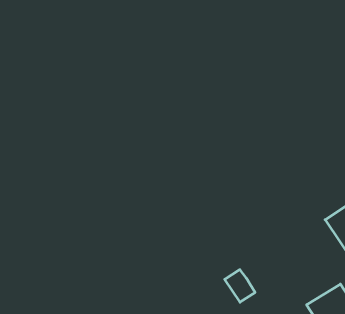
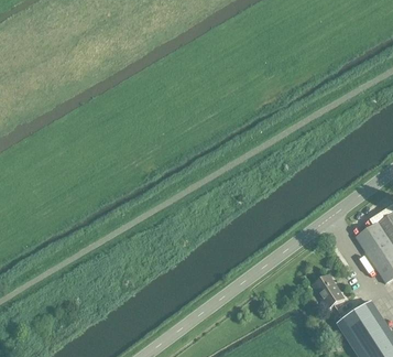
building: [225,270,255,302] -> [312,274,342,307]

